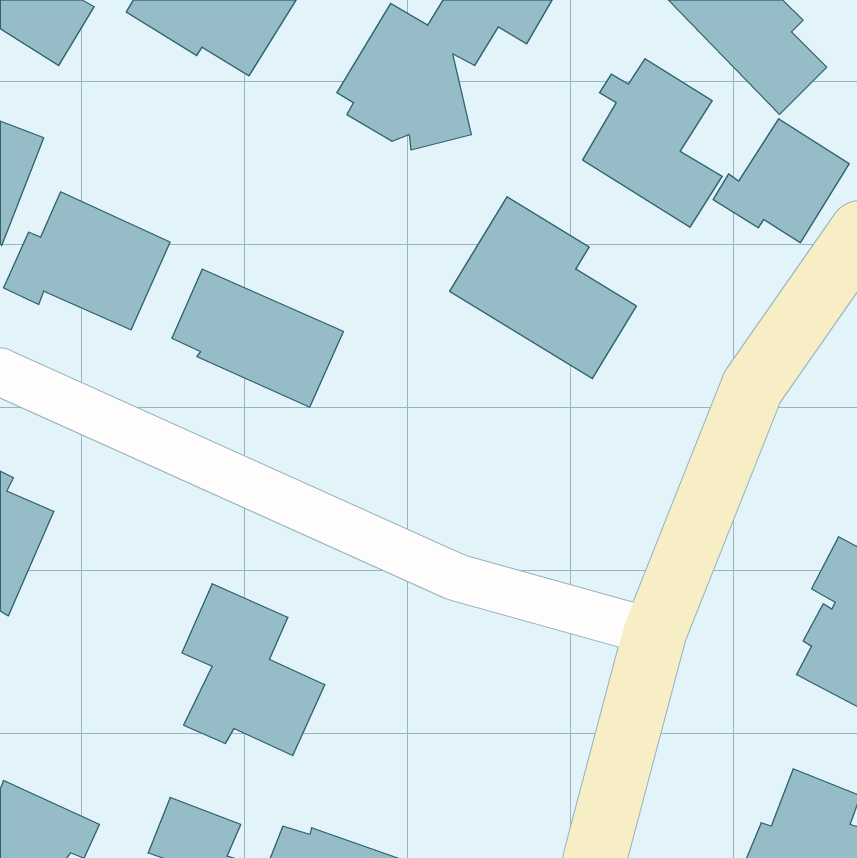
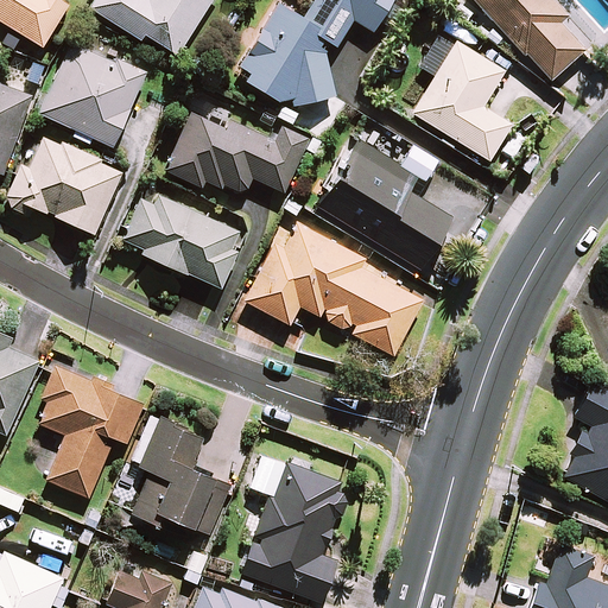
building: none -> [40,43,145,146]
building: [713,119,849,243] -> none
building: none -> [166,113,310,194]
building: none -> [246,221,423,355]
building: none -> [38,365,142,498]
building: none -> [241,462,350,602]

